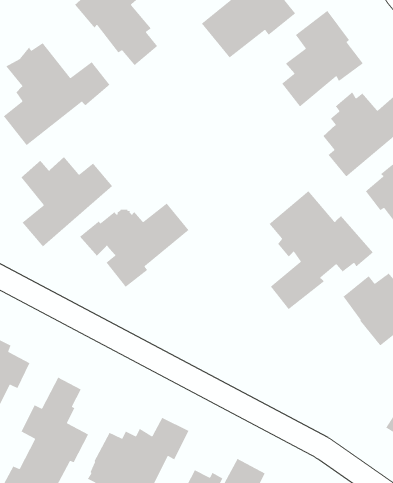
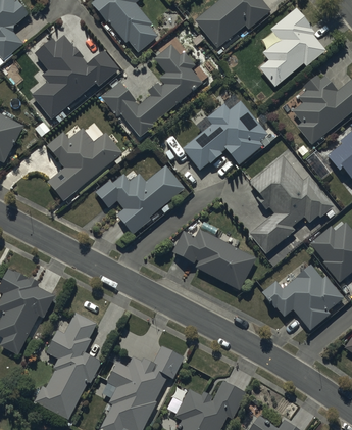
building: none -> [102,43,203,138]
building: none -> [182,100,268,170]
building: none -> [171,228,257,291]
building: none -> [261,264,344,331]

